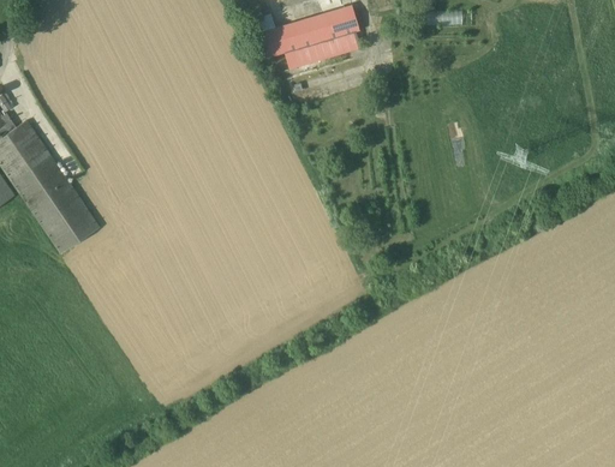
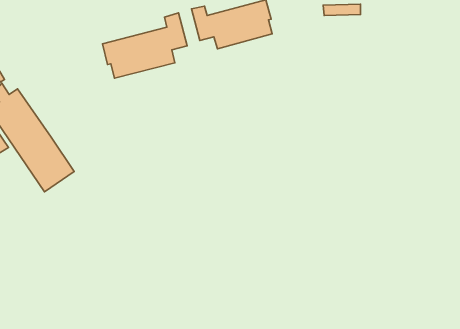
building: none -> [103,13,187,78]

